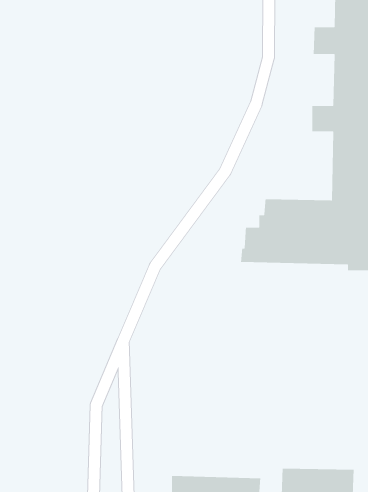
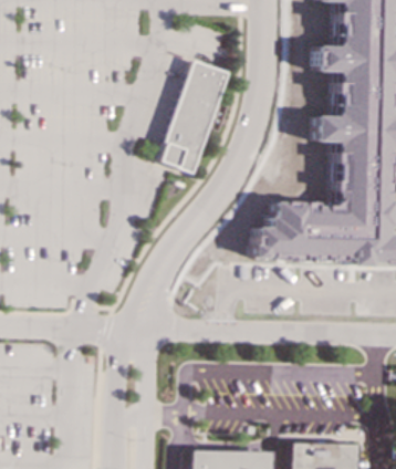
building: none -> [155,60,226,174]

